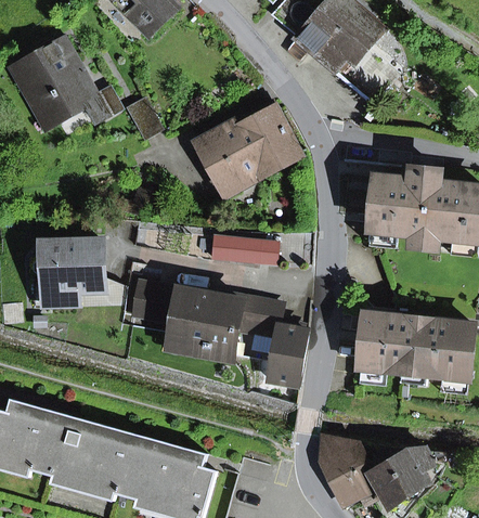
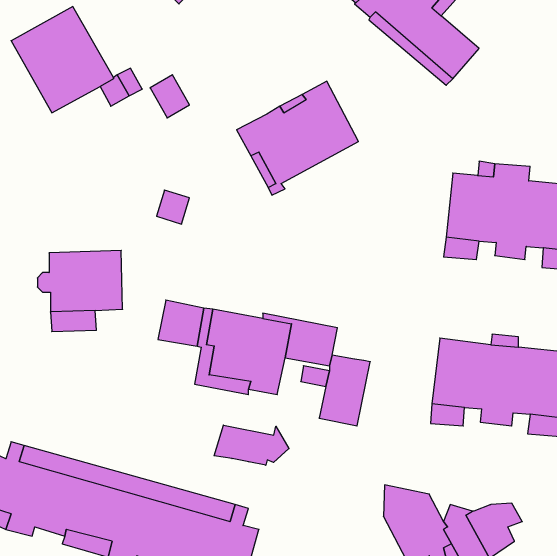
building: [211,235,277,263] -> none
building: none -> [214,425,289,465]

